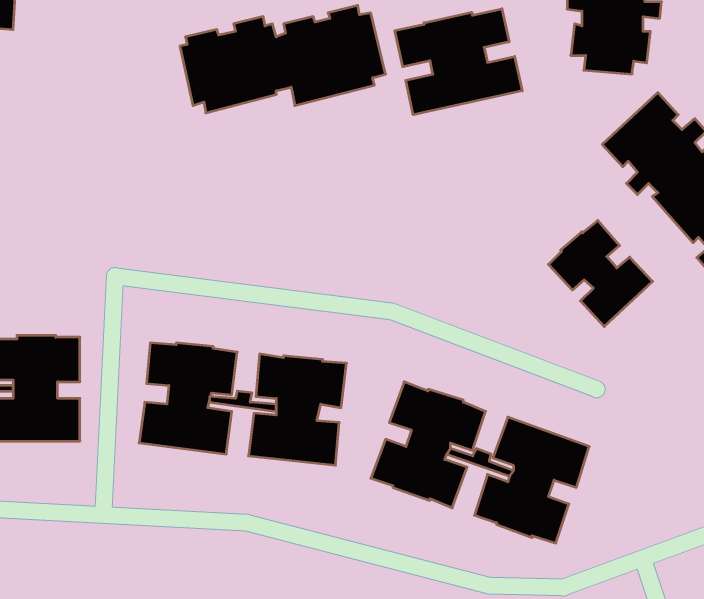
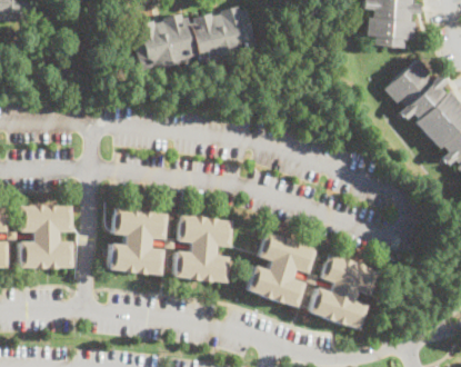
building: [395,9,522,115] -> none
building: [548,220,653,327] -> none

